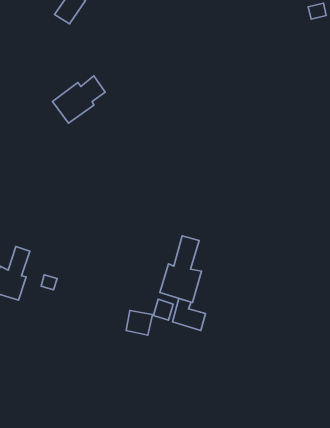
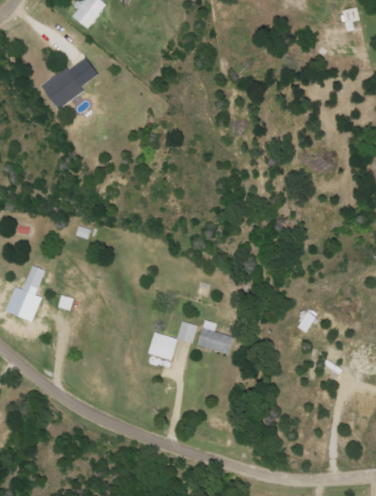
building: [52,76,105,123] -> [40,59,96,109]
building: [160,236,201,303] -> none

